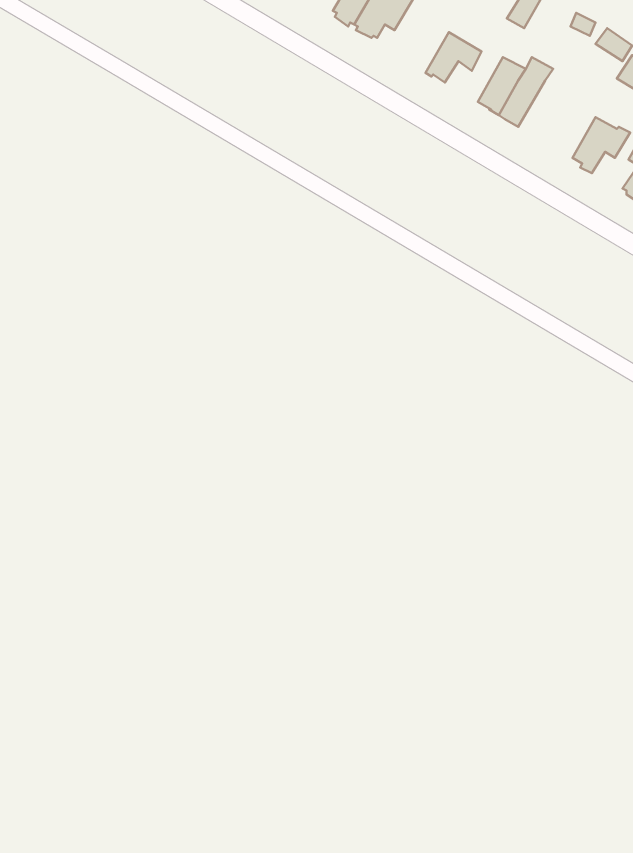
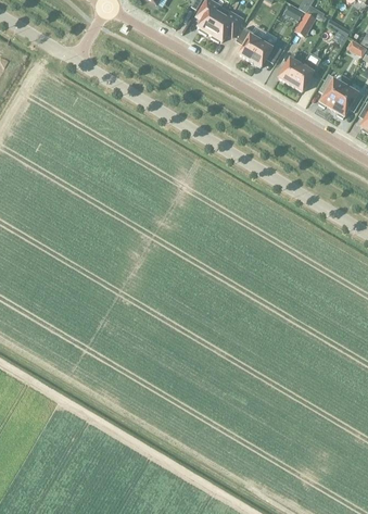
building: none -> [238,27,263,61]
building: none -> [318,74,345,109]

